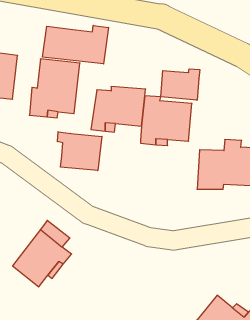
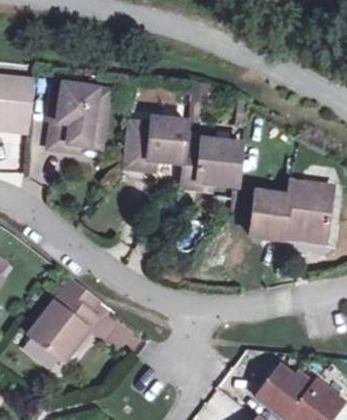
building: [43,25,108,64] -> none
building: [161,69,200,100] -> none
building: [57,132,102,171] -> none

